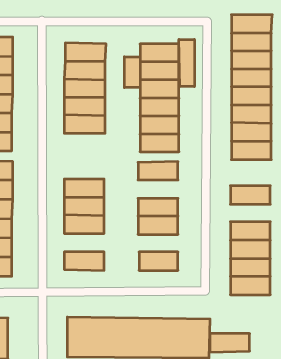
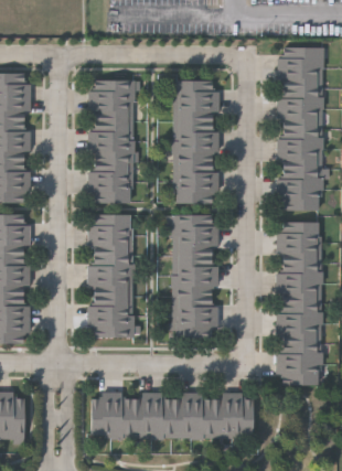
building: [179,39,194,87] -> none
building: [124,57,140,88] -> none
building: none -> [88,181,135,202]
building: none -> [88,213,133,233]
building: none -> [277,220,322,240]
building: none -> [172,234,217,255]
building: none -> [277,261,322,281]
building: none -> [88,295,133,315]
building: none -> [172,296,217,315]
building: [210,334,250,352] -> [277,364,322,385]

